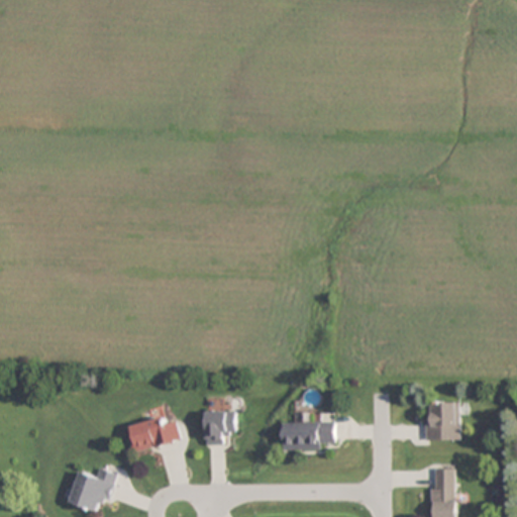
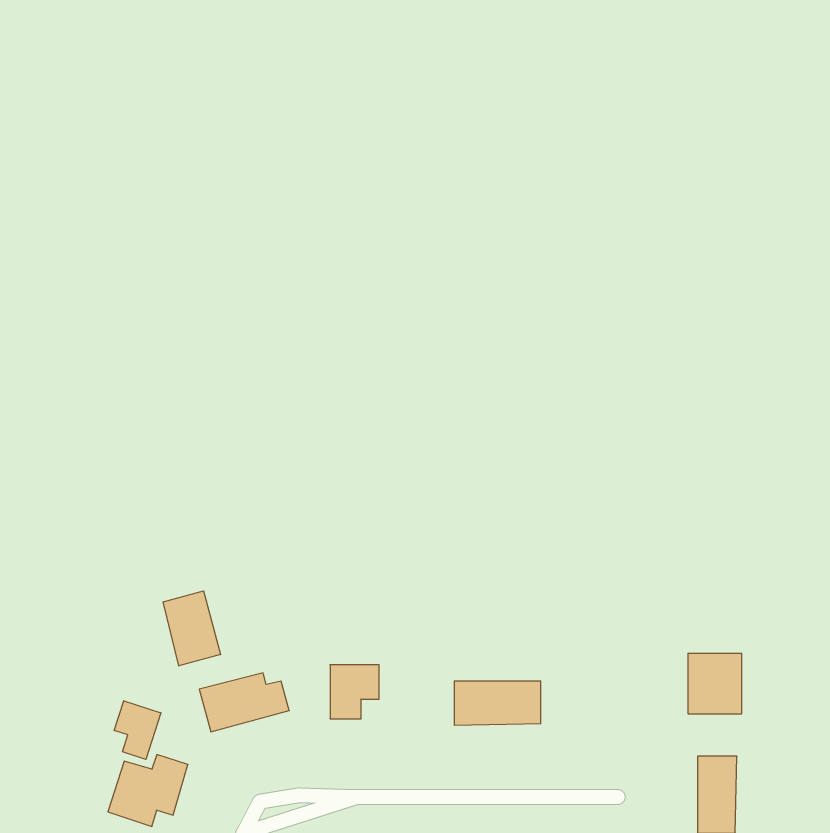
building: none -> [163,591,221,666]
building: none -> [114,701,161,759]

